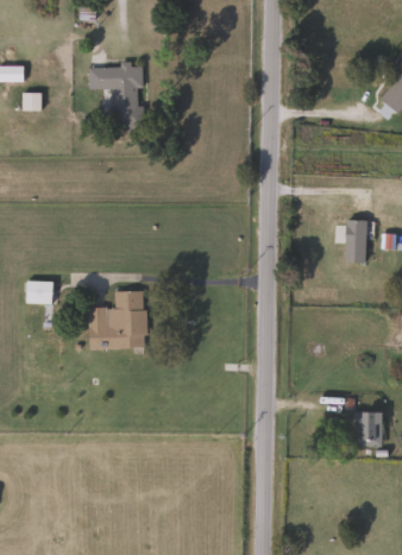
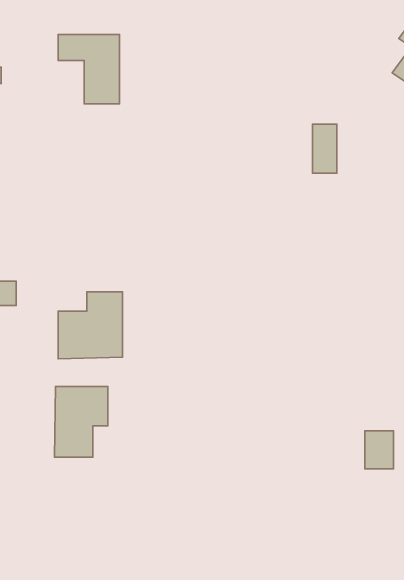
building: [345,219,366,261] -> [312,124,337,173]
building: none -> [55,387,108,457]

